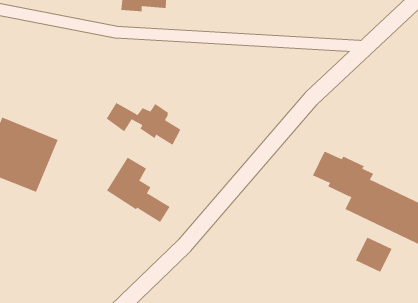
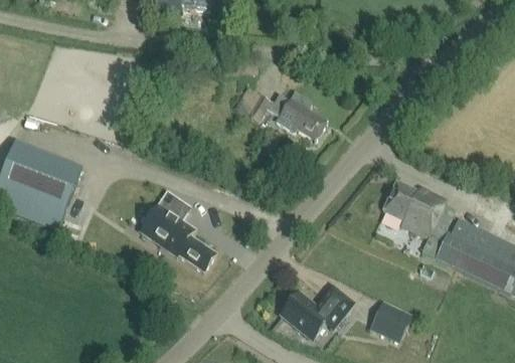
building: [106,102,181,146] -> [235,89,325,141]
building: [355,237,392,272] -> [369,302,413,344]
building: none -> [285,287,353,336]

